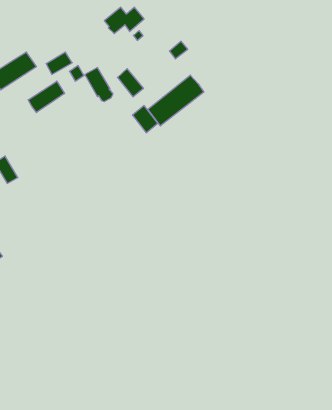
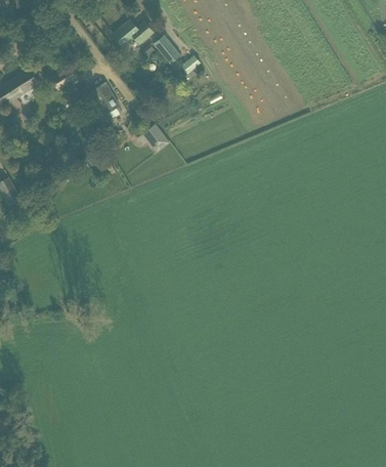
building: [117,69,144,97] -> [153,34,180,63]
building: [148,75,204,126] -> none
building: [28,81,65,113] -> none

